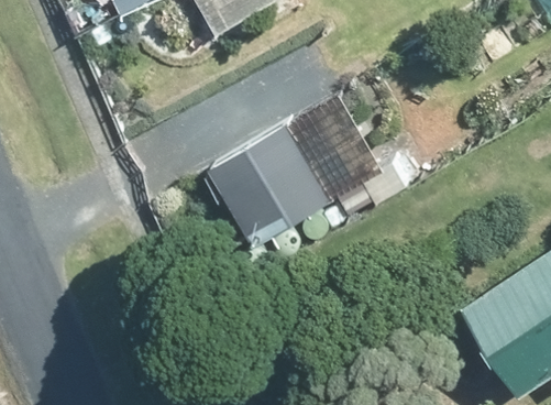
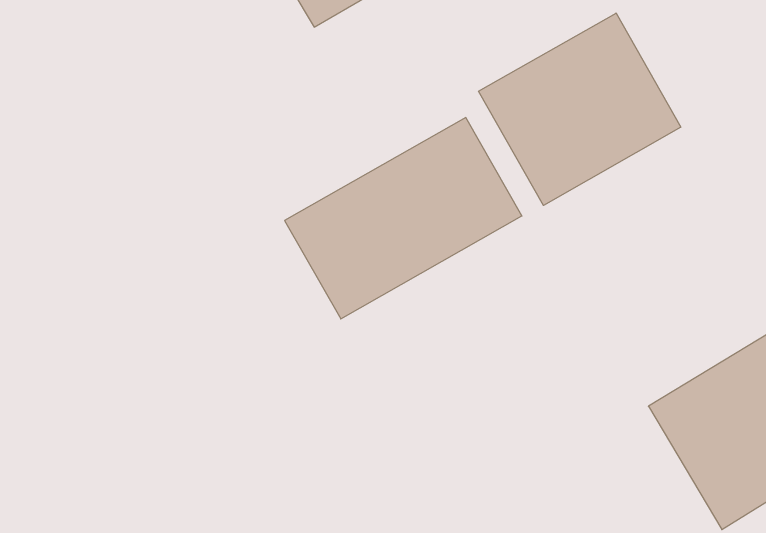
building: none -> [479,13,681,205]

